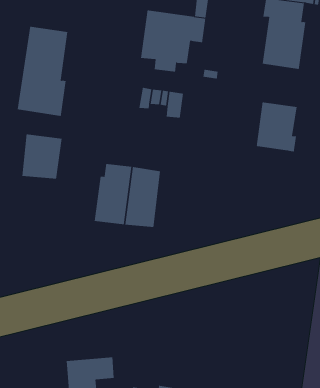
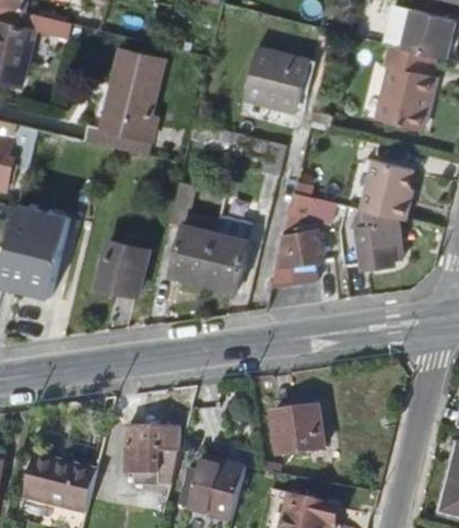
building: [21,134,62,179] -> [98,239,149,294]
building: none -> [269,193,322,286]
building: none -> [340,212,400,270]
building: none -> [271,409,323,456]

